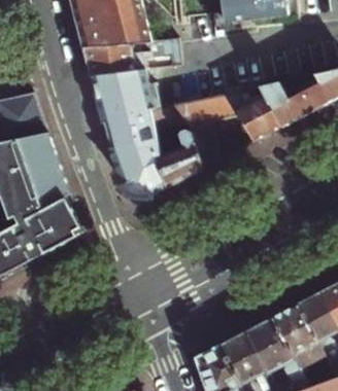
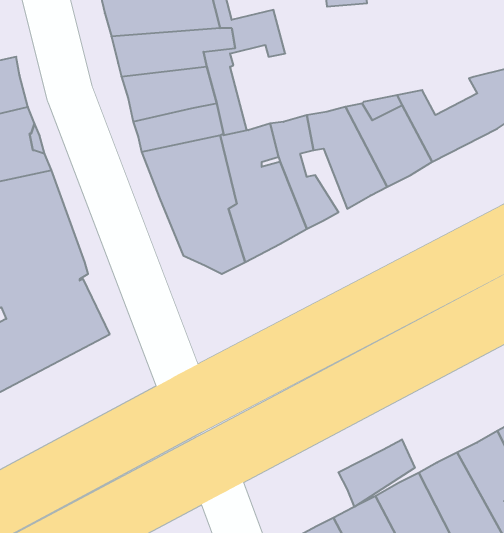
building: none -> [338,439,415,507]

